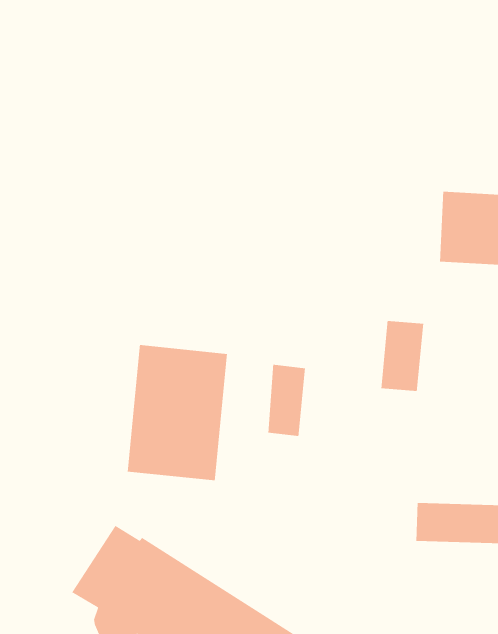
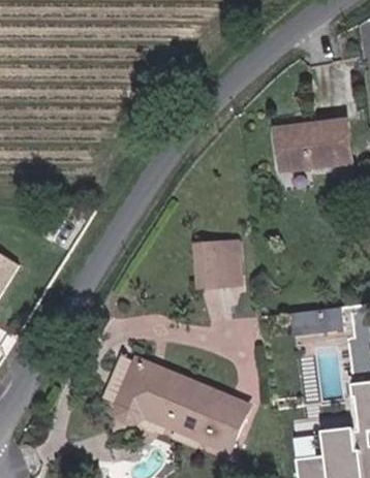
building: [380,320,424,392] -> [214,244,239,286]
building: [127,344,228,481] -> none

